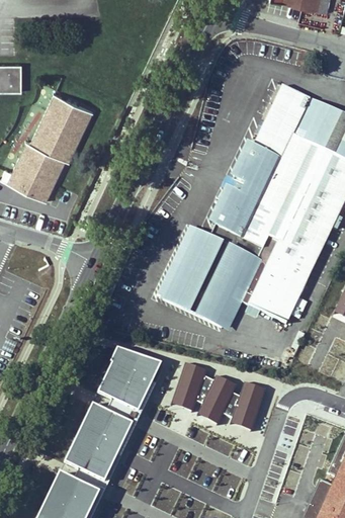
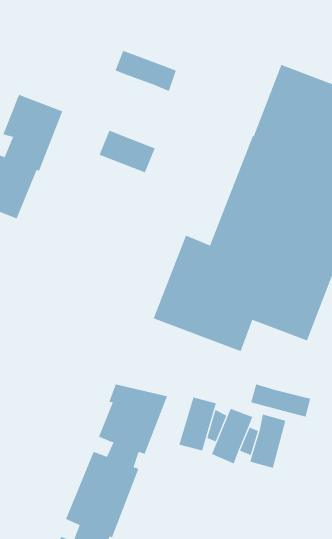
building: none -> [115,50,177,92]
building: none -> [99,130,156,173]
building: none -> [251,383,311,418]

